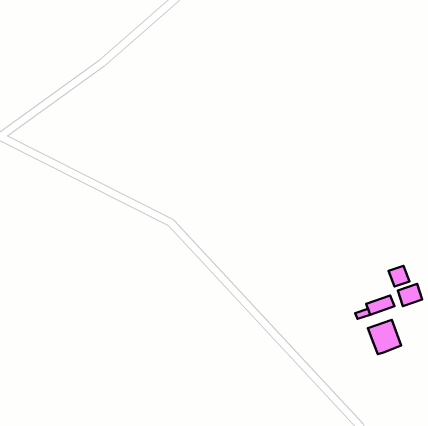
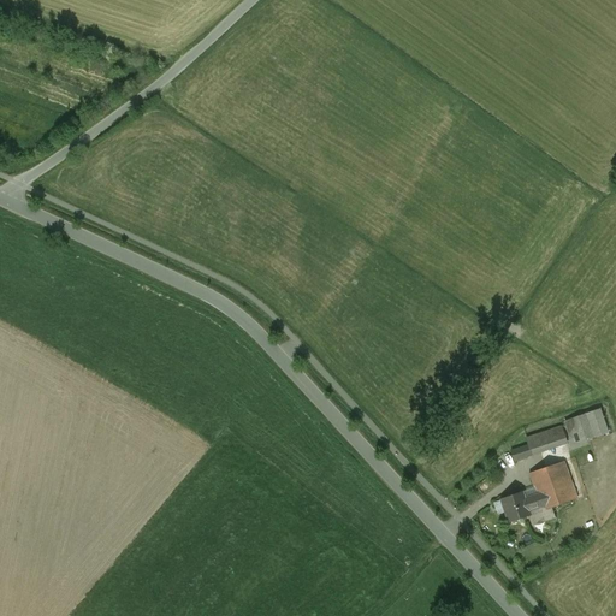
building: [389,266,409,287] -> none
building: none -> [500,490,555,525]

